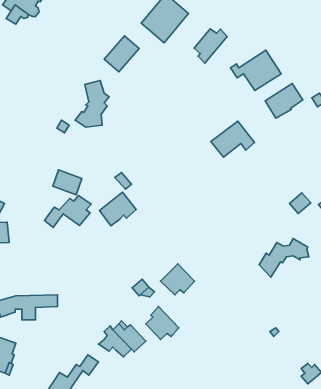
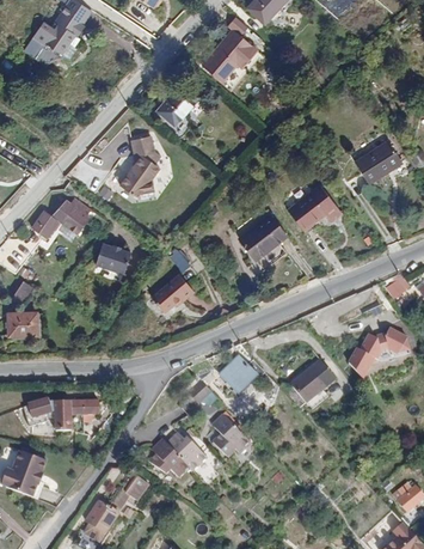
building: [194,29,227,63] -> none
building: [230,50,281,91] -> none
building: none -> [239,214,285,260]
building: [45,195,91,227] -> [32,196,90,236]
building: none -> [288,358,334,403]

